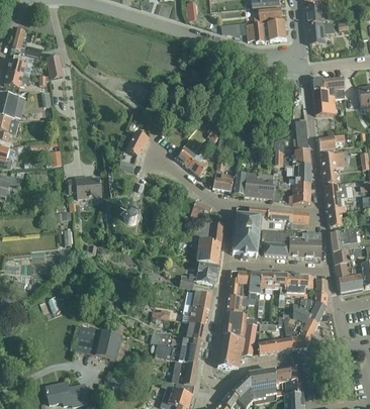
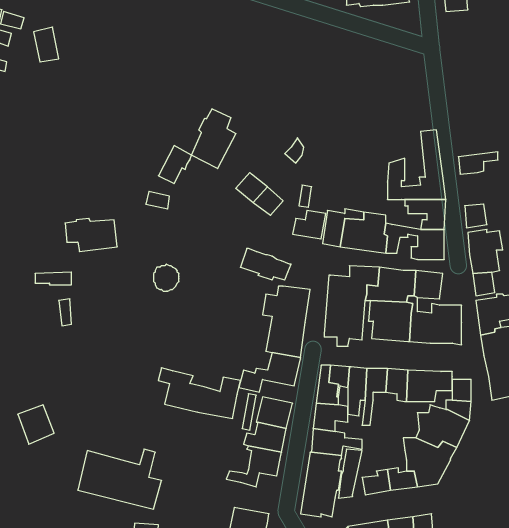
building: [312,76,345,114] -> none
building: none -> [191,109,236,169]
building: [319,147,344,169] -> none
building: [150,333,202,366] -> [158,368,240,418]

